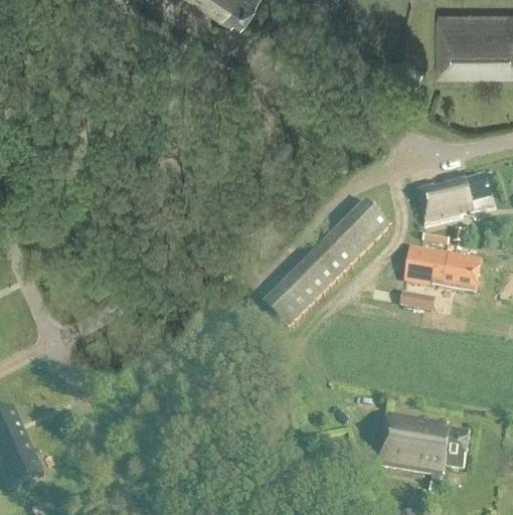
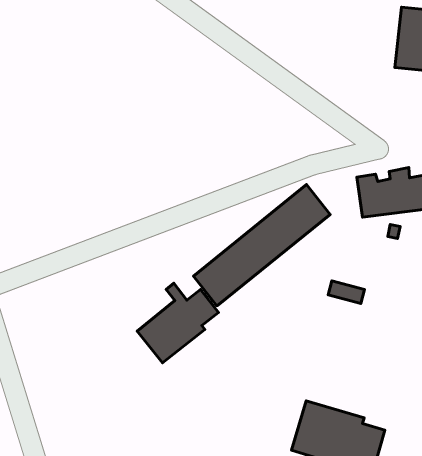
building: [405,245,480,290] -> none
building: none -> [137,283,218,363]

